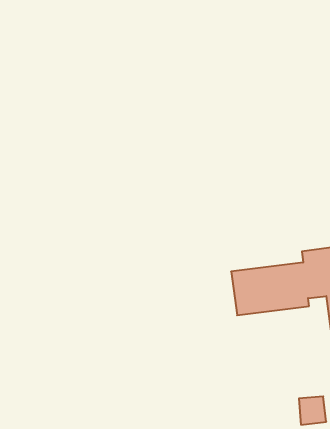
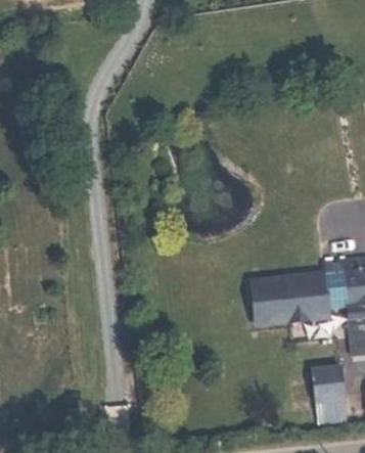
building: none -> [315,369,344,404]

